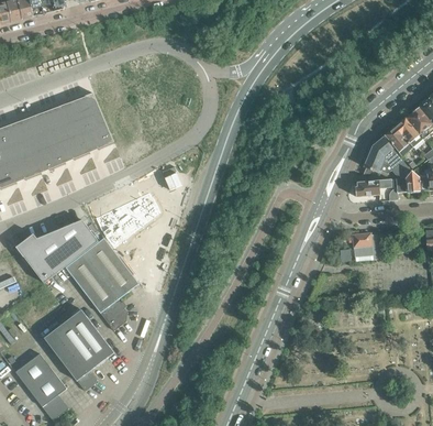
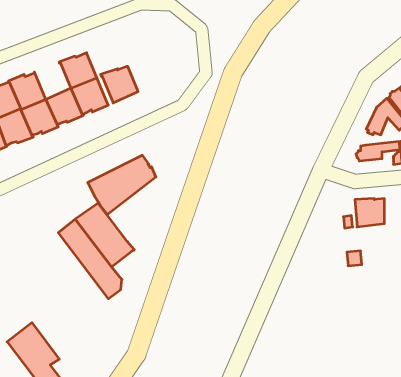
building: [41,102,77,138] -> [101,67,138,103]
building: [15,219,98,283] -> none
building: [44,309,113,391] -> none

